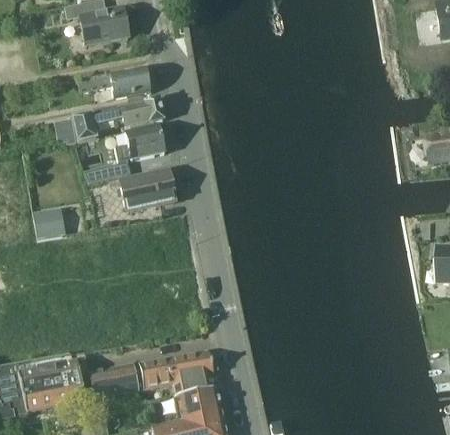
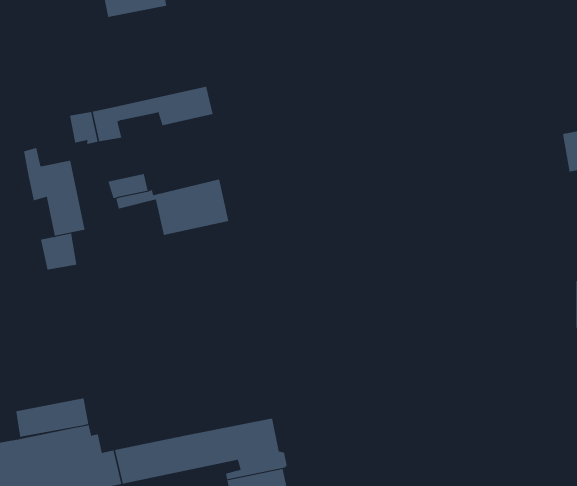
building: [78,67,152,97] -> none
building: [115,125,165,162] -> none
building: none -> [24,147,85,237]
building: none -> [14,398,89,437]

